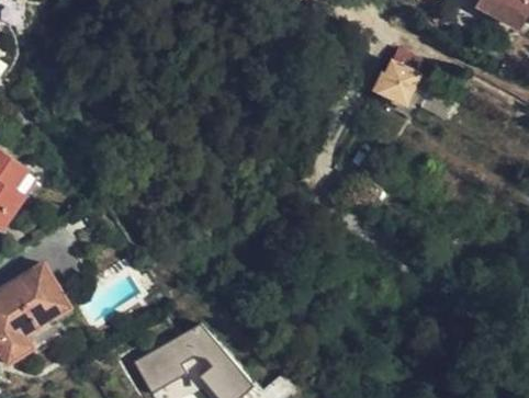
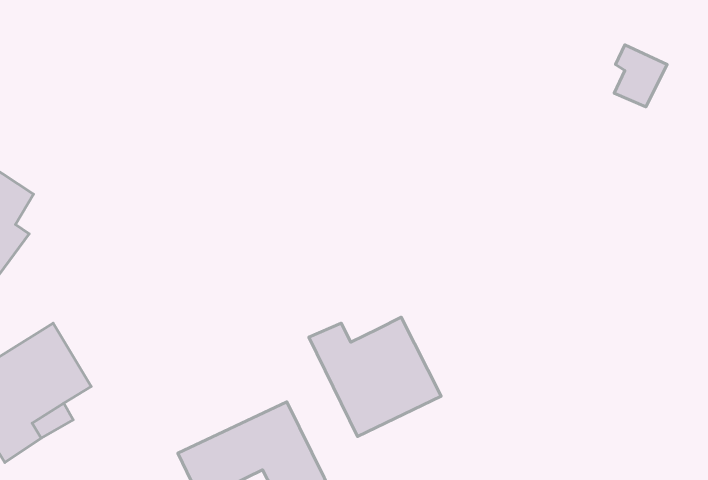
building: [383,60,421,105] -> [614,45,667,107]
building: none -> [309,317,441,437]

